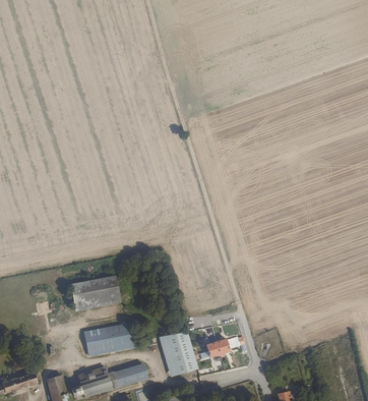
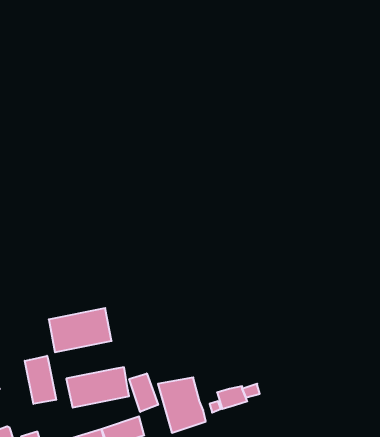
building: none -> [25,356,56,404]
building: none -> [129,373,158,412]

